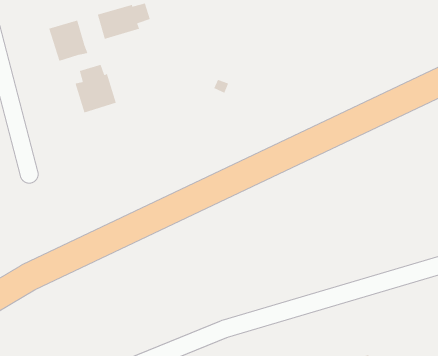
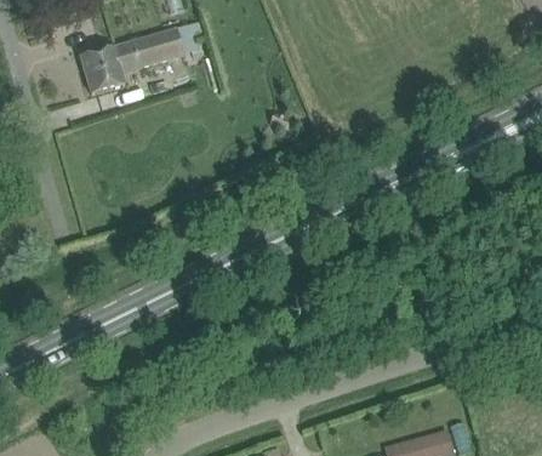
building: [75,64,117,113] -> none

